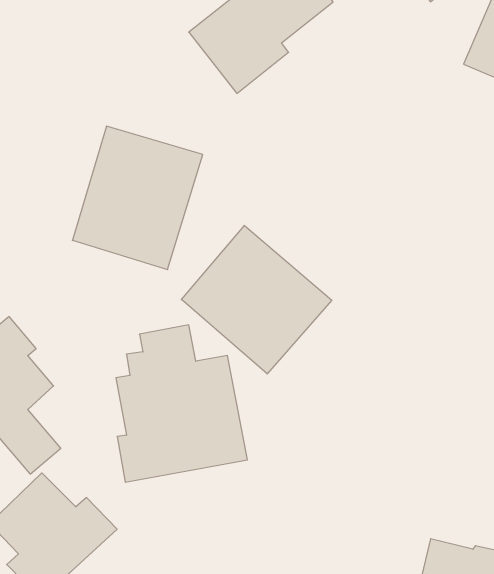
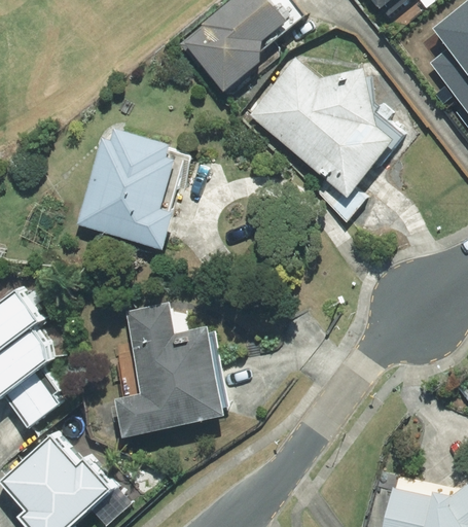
building: none -> [247,58,402,224]
building: [181,225,332,374] -> none

